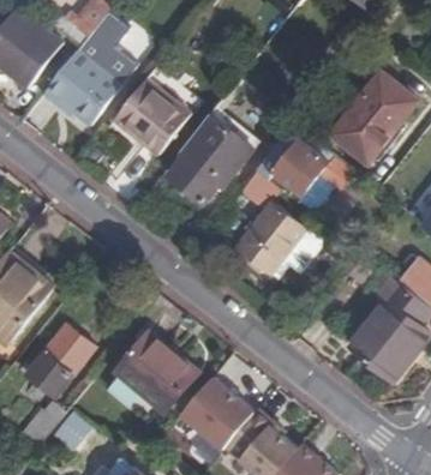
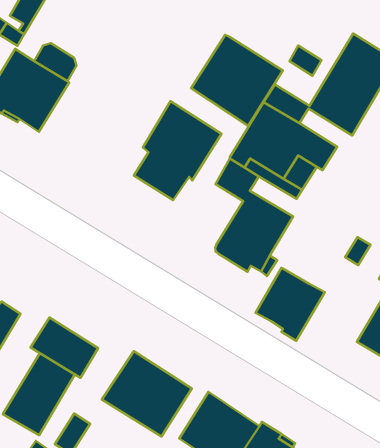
building: none -> [191,35,283,126]
building: [113,77,191,154] -> none
building: none -> [255,268,325,341]
building: none -> [31,318,98,378]

